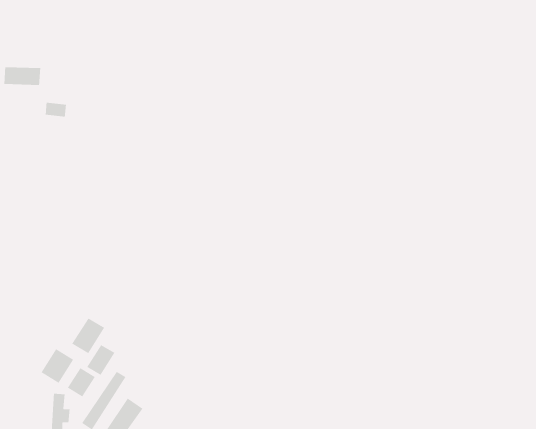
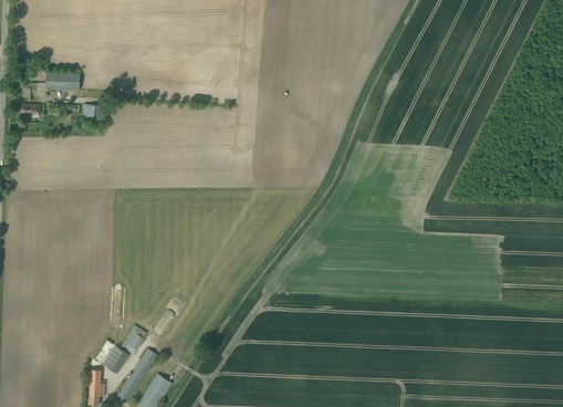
building: [71,317,105,354] -> none
building: [40,348,74,384] -> none

